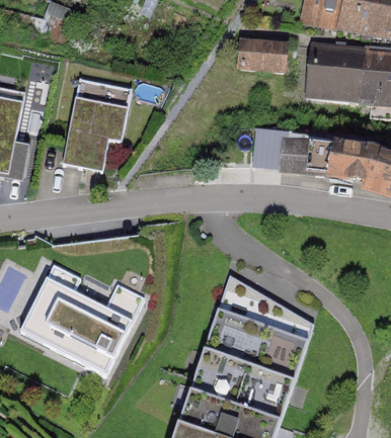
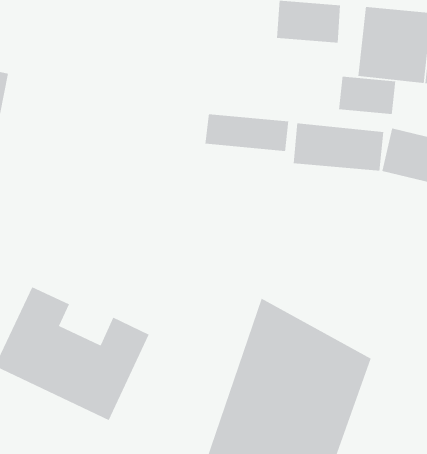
building: [62,82,132,171] -> none
building: none -> [339,76,396,115]
building: none -> [205,113,289,152]

